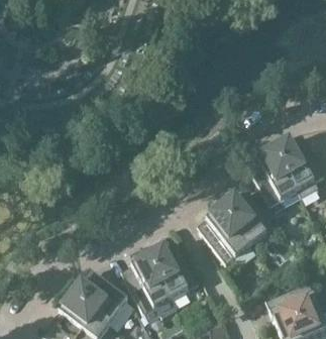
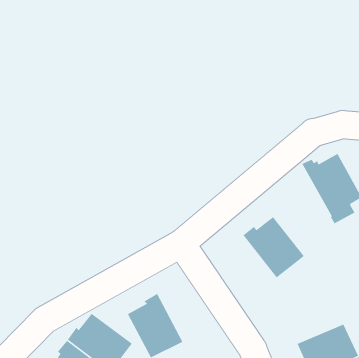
building: [249,151,298,208] -> none
building: [199,209,251,265] -> none
building: [149,246,199,301] -> none

